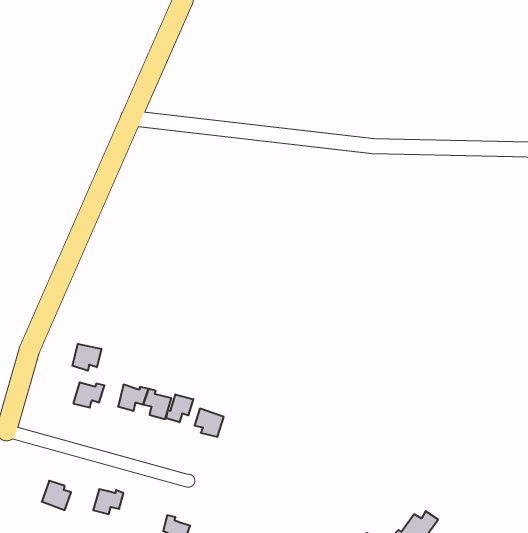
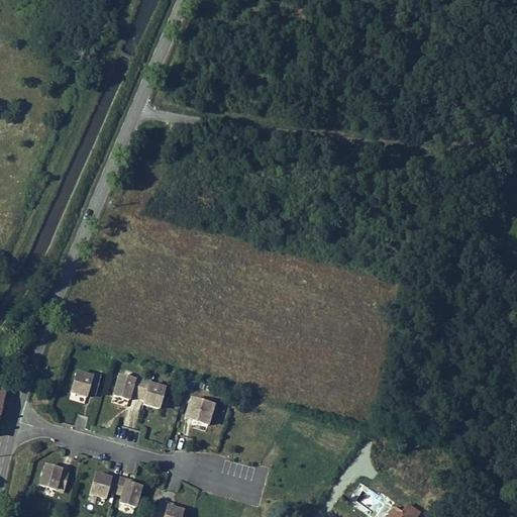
building: [72,344,101,371] -> none
building: [166,394,193,422] -> none
building: none -> [115,478,141,507]

